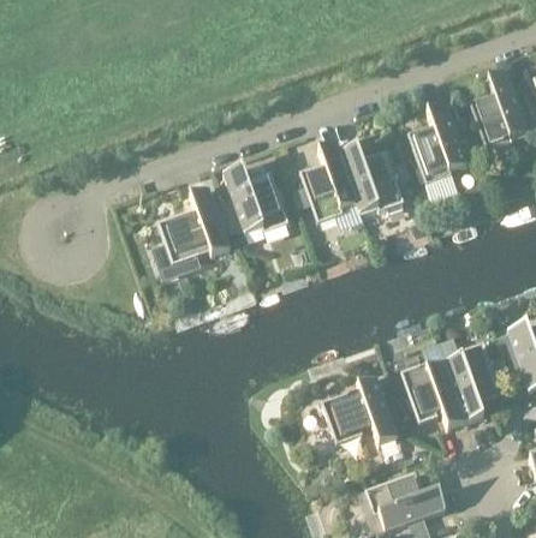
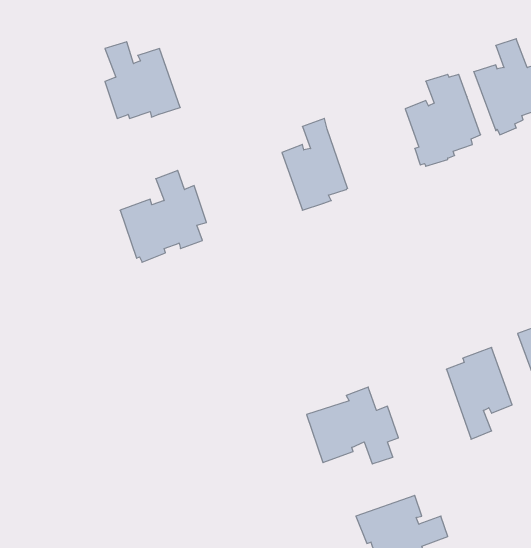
building: [339,145,409,213] -> none
building: [222,166,288,233] -> [105,42,180,118]
building: [400,361,465,429] -> none

